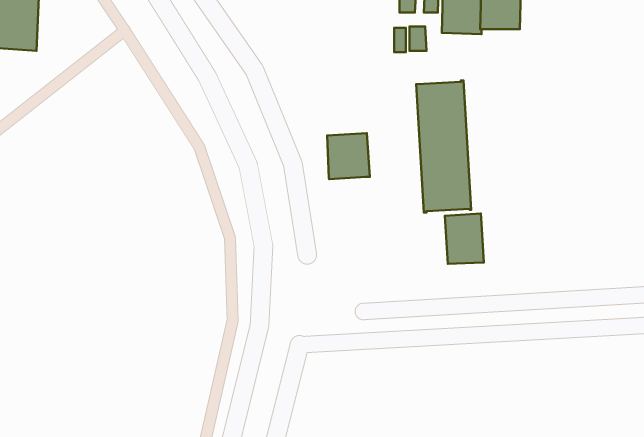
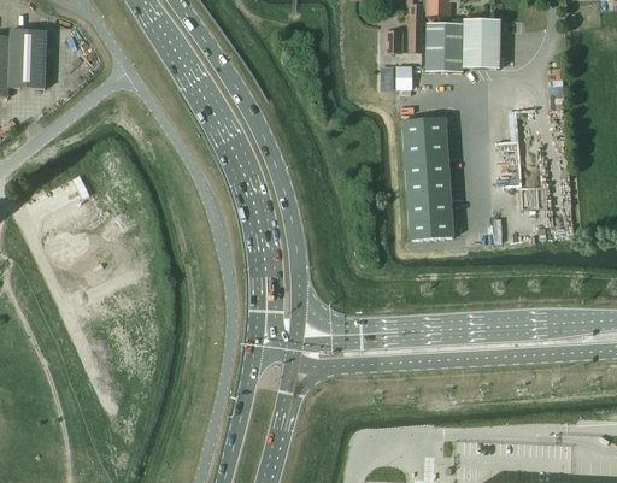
building: [327,133,370,179] -> none
building: [445,213,484,264] -> none

